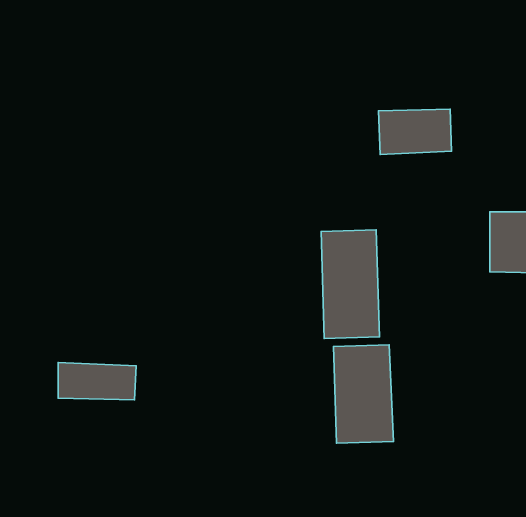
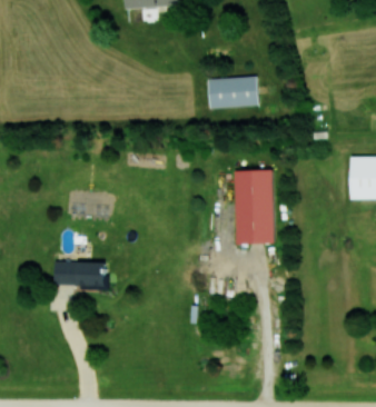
building: [379,109,452,155] -> [207,77,257,108]
building: [334,345,394,443] -> none

